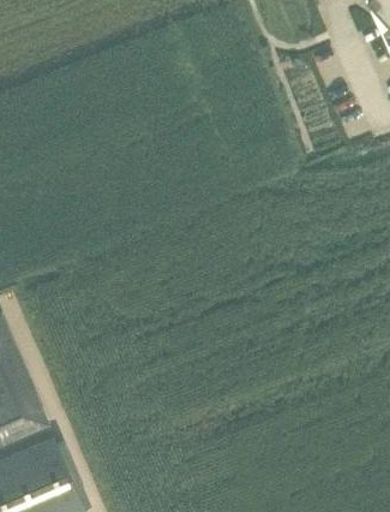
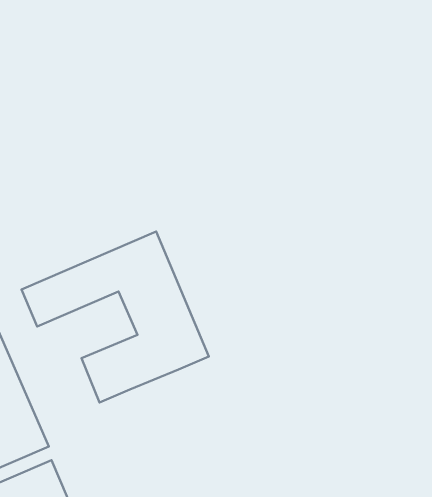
building: none -> [21,231,209,403]

